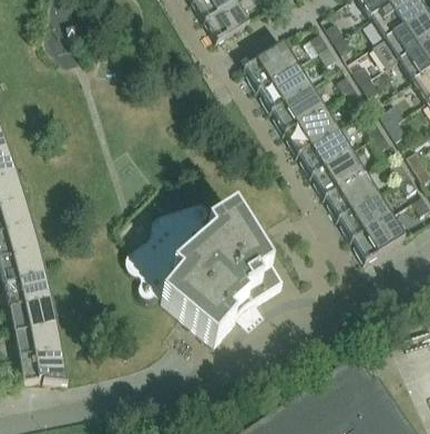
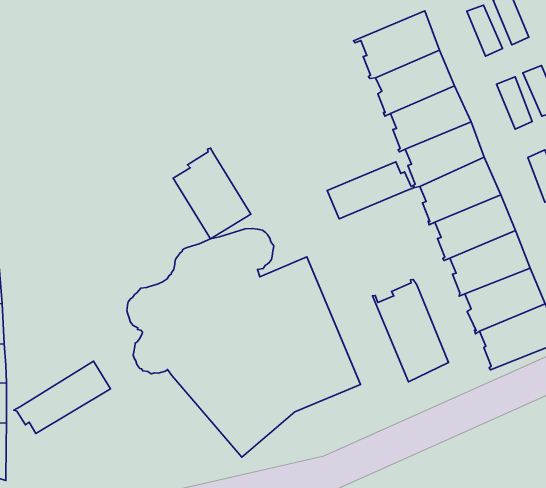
building: none -> [327,162,414,219]
building: none -> [173,148,251,239]
building: none -> [373,280,449,382]
building: none -> [14,361,111,433]

